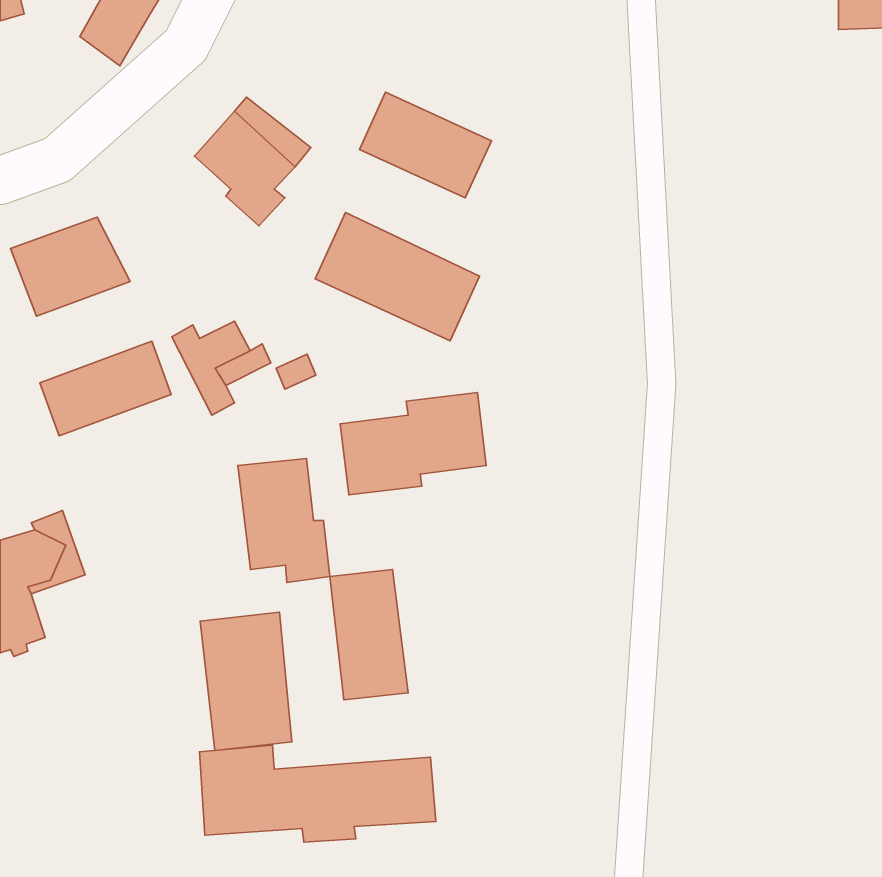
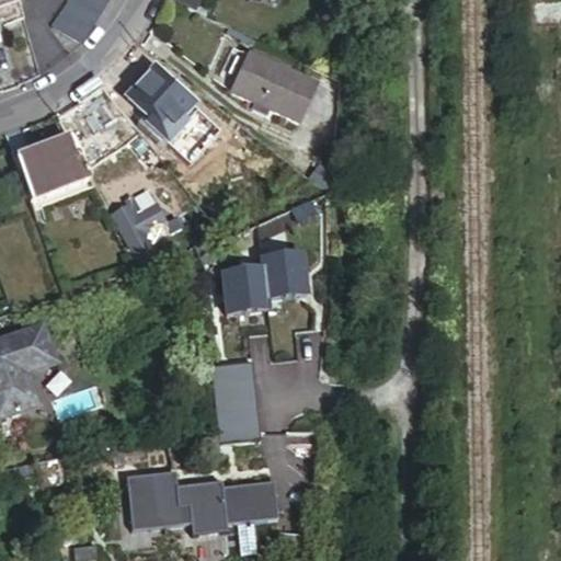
building: [315,213,480,341] -> none
building: [40,341,171,436] -> none
building: [238,458,330,582] -> none
building: [200,612,292,751] -> none

